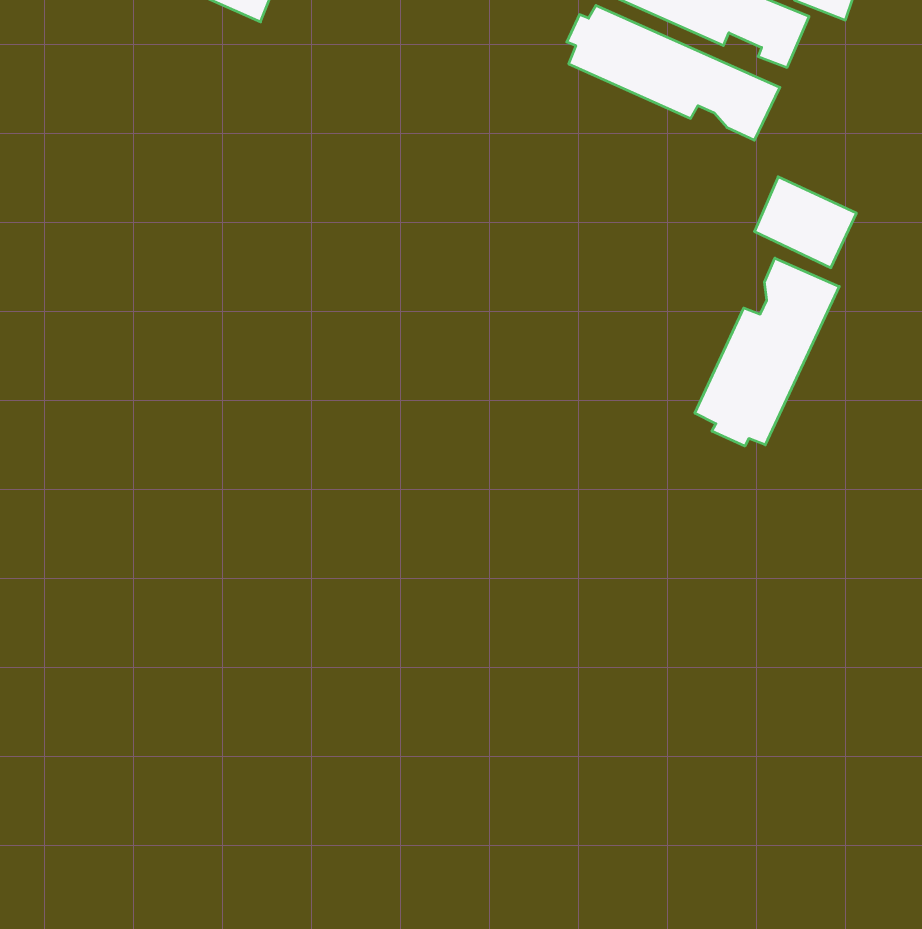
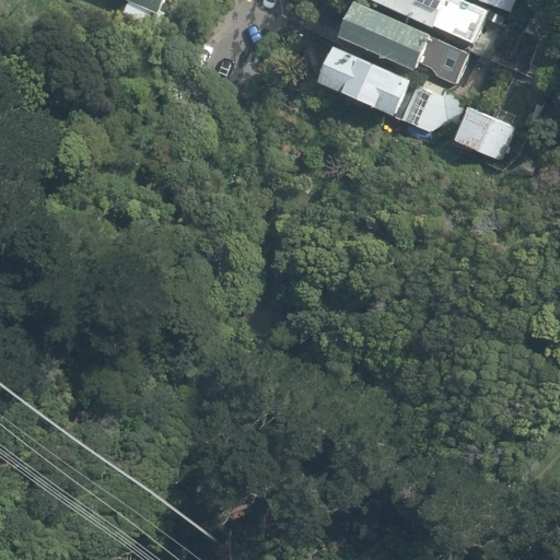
building: none -> [316,47,465,130]
building: [695,258,839,446] -> none

